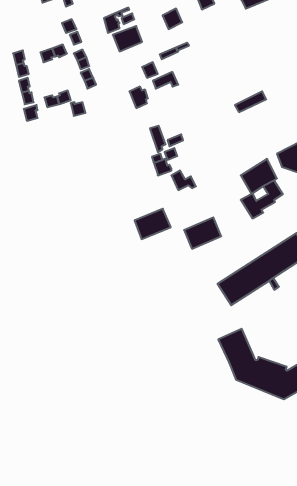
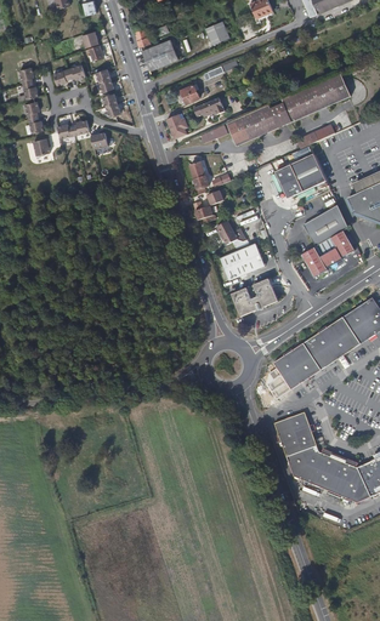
building: none -> [199,72,352,146]
building: none -> [276,154,325,196]
building: [135,209,171,239] -> [220,241,265,279]

